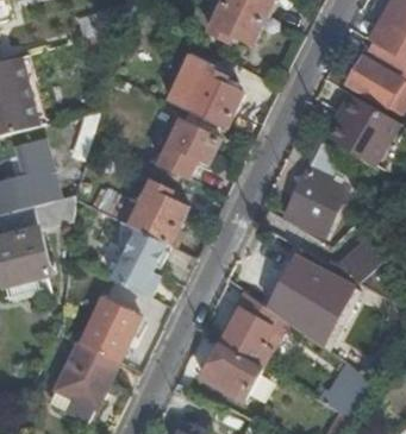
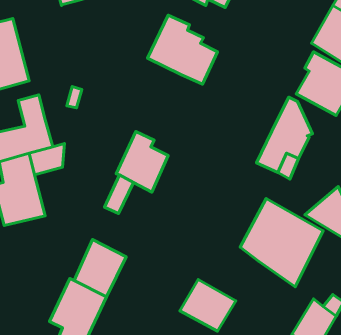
building: [160,117,225,178] -> none
building: [112,235,174,291] -> none
building: [220,293,287,367] -> none

